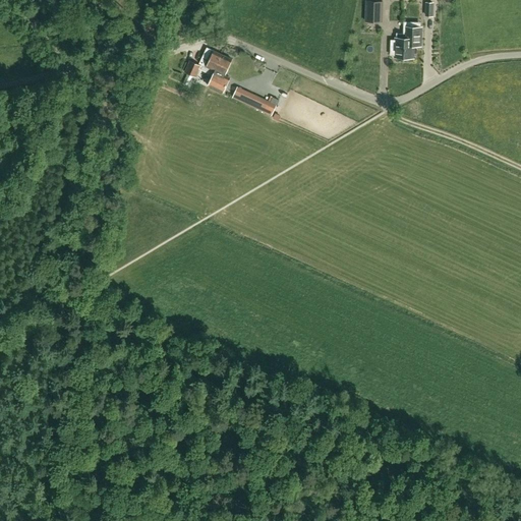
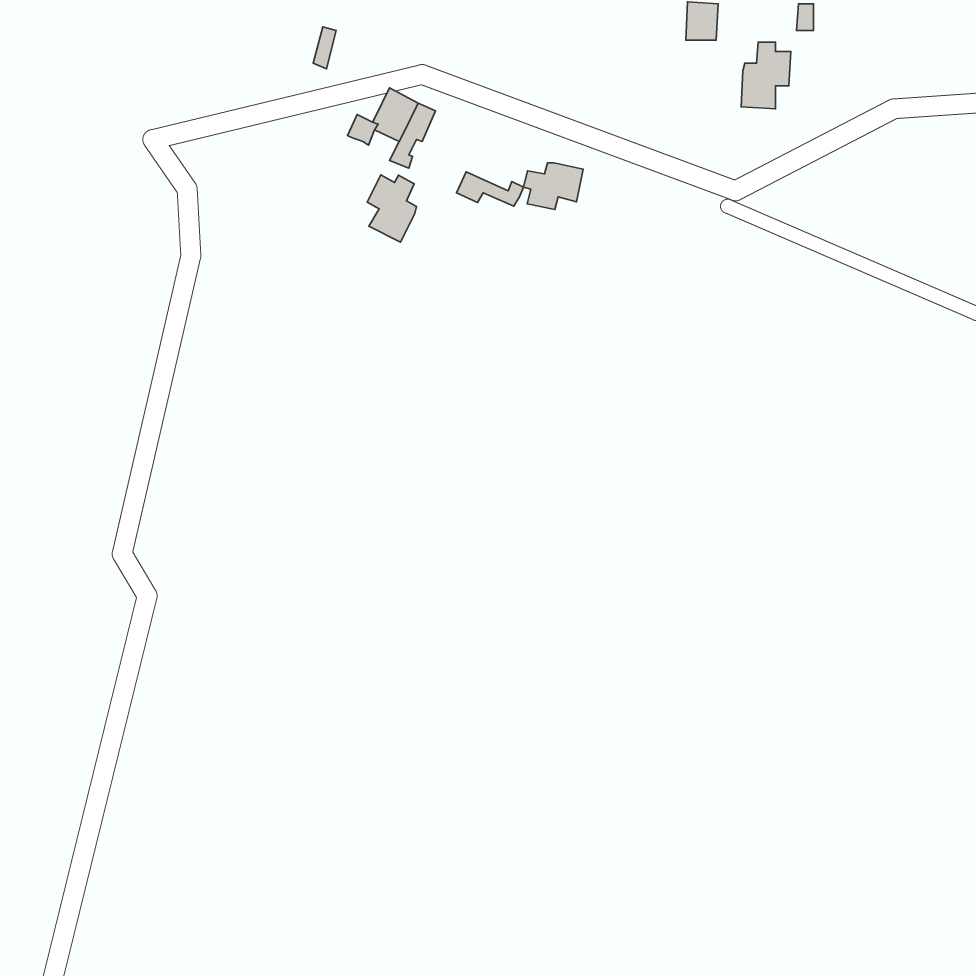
building: none -> [523,163,583,209]
building: none -> [367,175,417,242]

